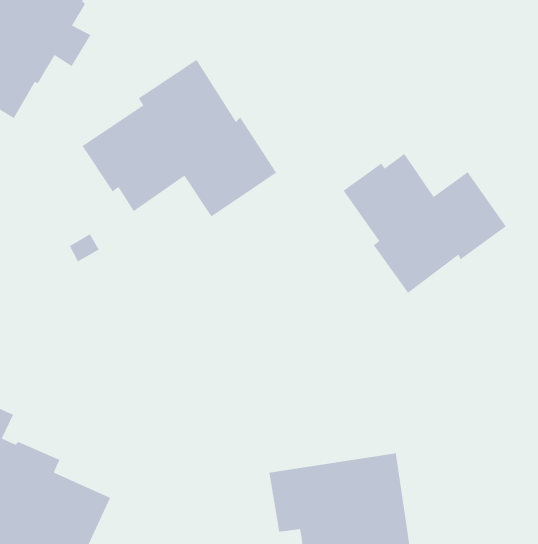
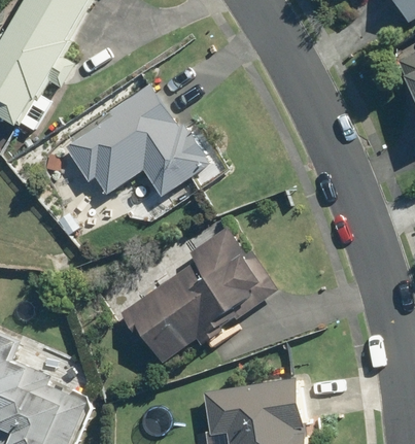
building: [343,153,507,294] -> none
building: none -> [118,228,278,365]

